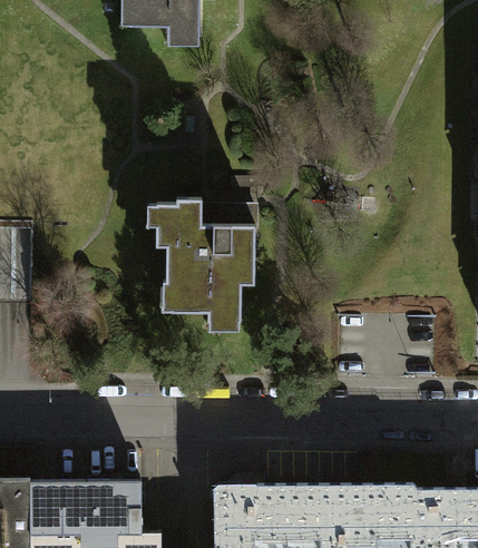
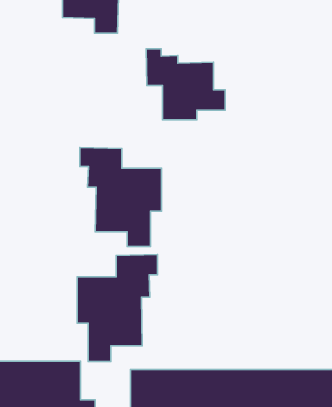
building: none -> [146,49,225,120]
building: none -> [77,254,157,362]

